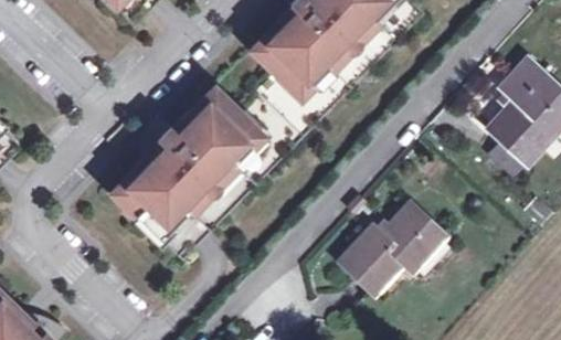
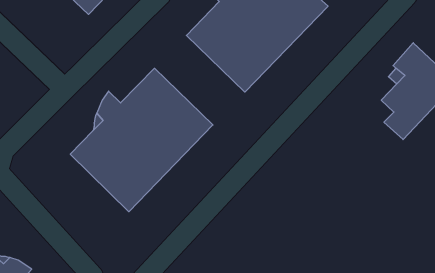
building: [339,202,442,287] -> none

